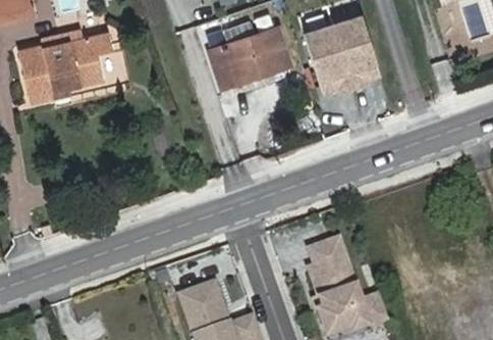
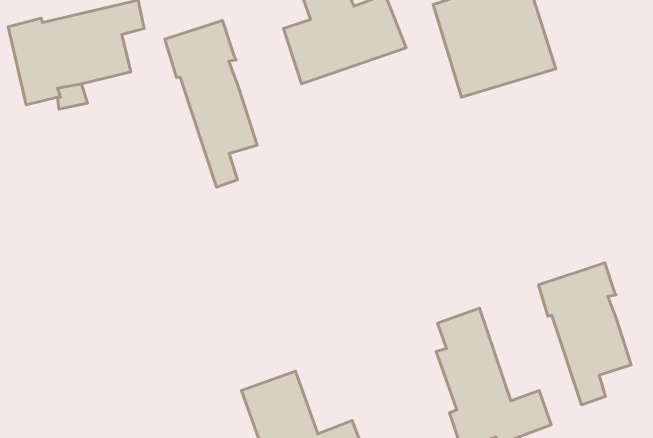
building: none -> [165,21,257,187]
building: none -> [538,263,631,405]

